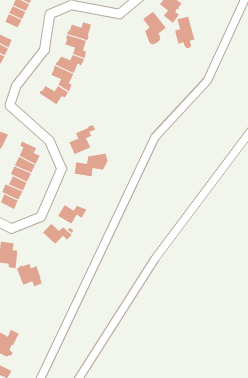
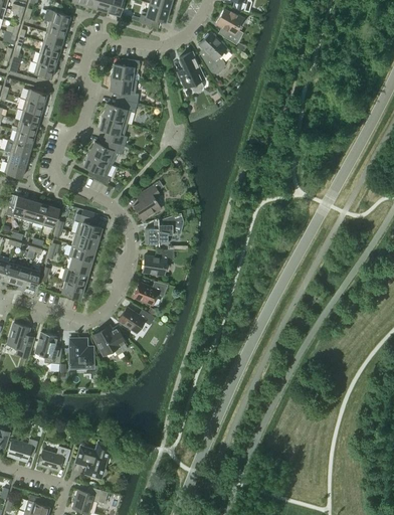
building: [174,16,195,49] -> [178,51,205,91]
building: none -> [84,153,113,184]
building: none -> [143,249,174,275]
building: [16,263,42,287] -> [93,326,128,354]

